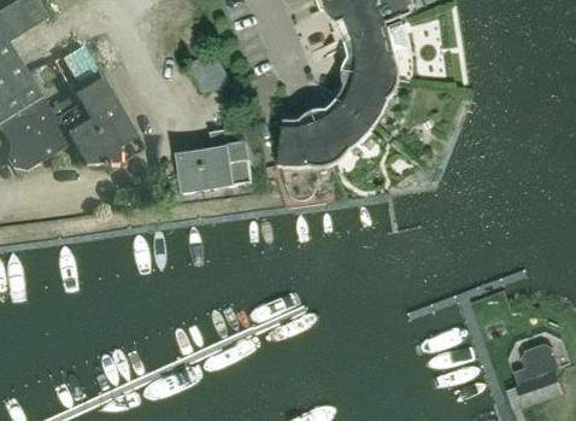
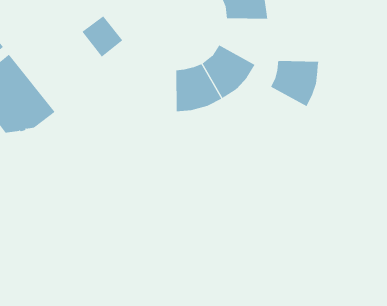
building: [334,70,392,125] -> [270,61,319,107]
building: [175,125,249,193] -> none

